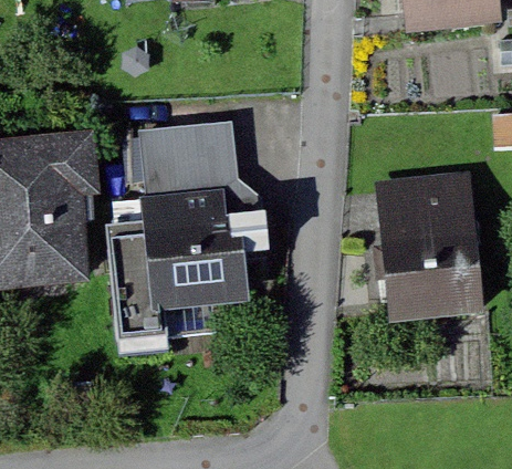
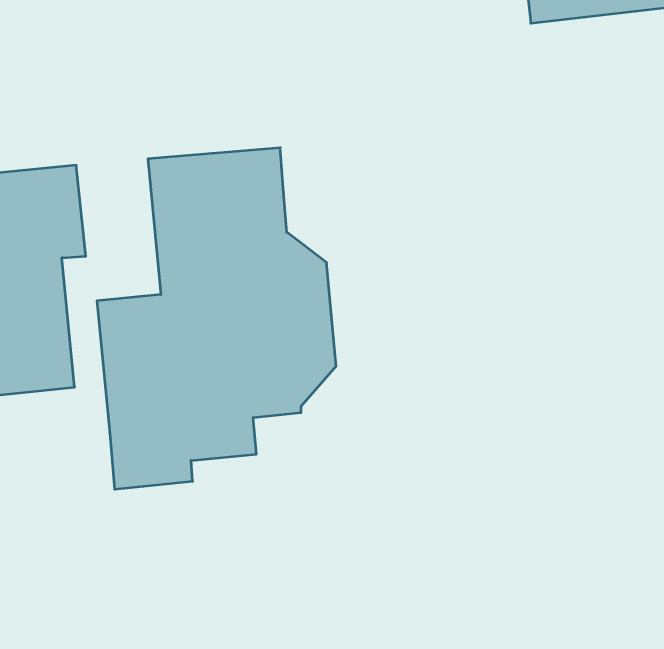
building: [377,170,483,321] -> none

